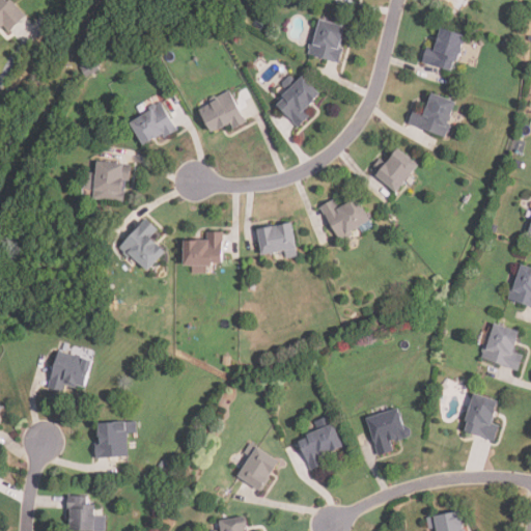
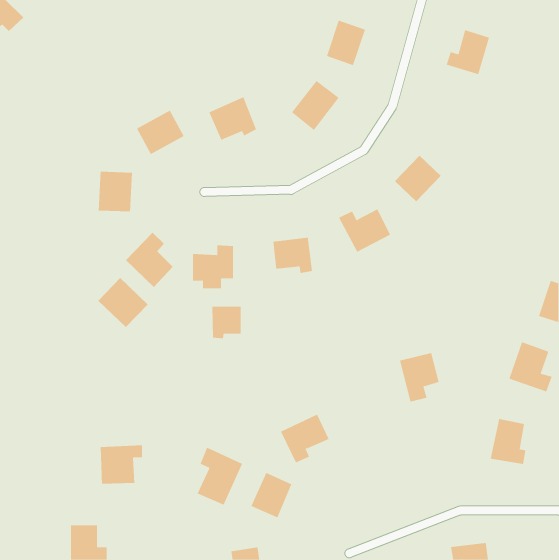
building: [407,92,454,135] -> none
building: none -> [97,277,148,328]
building: none -> [212,306,241,339]
building: [47,350,90,392] -> none
building: [366,409,404,455] -> [399,353,440,402]
building: none -> [197,447,243,506]
building: [296,423,342,470] -> [280,414,330,463]

